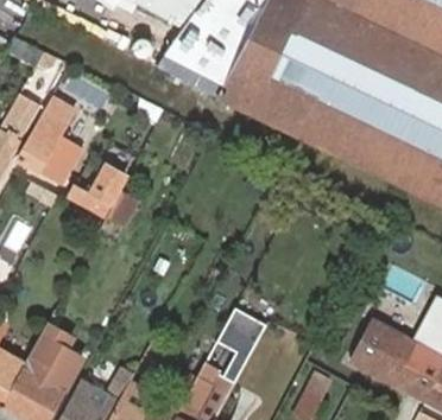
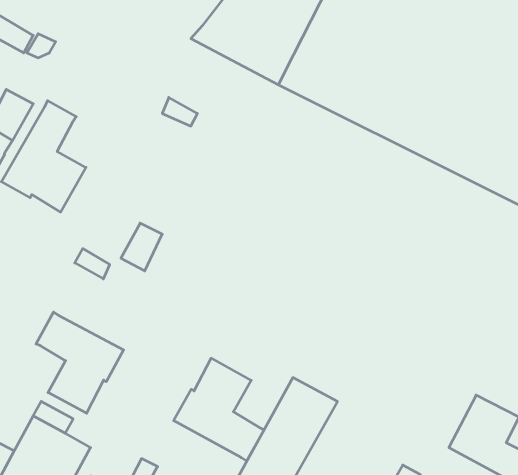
building: [69,166,125,216] -> none
building: none -> [36,312,124,413]
building: none -> [174,358,264,461]

